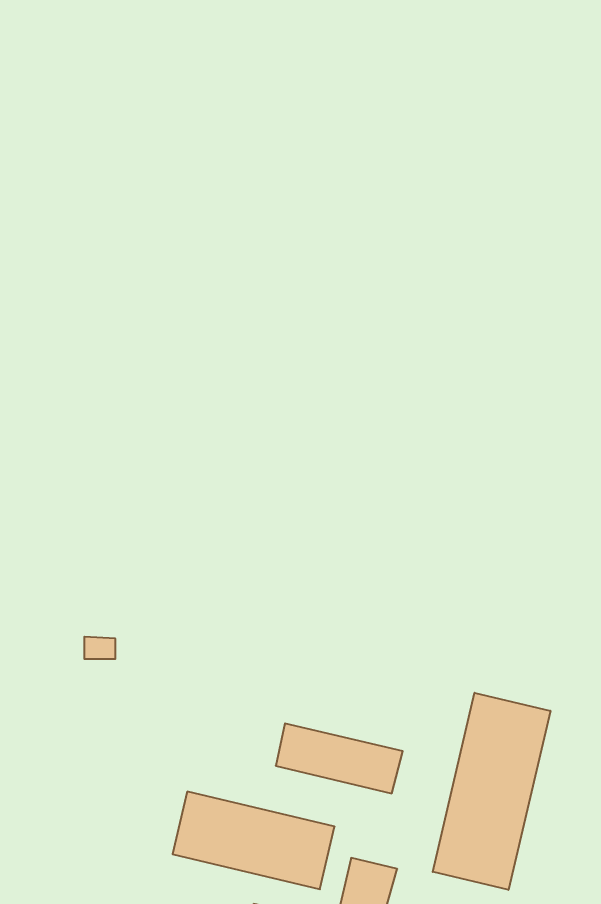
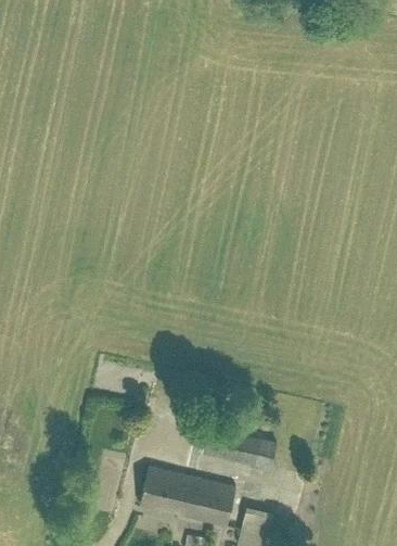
building: [433,693,550,890] -> none

